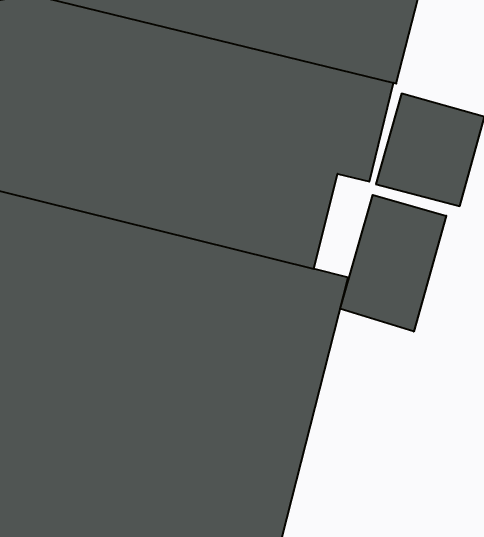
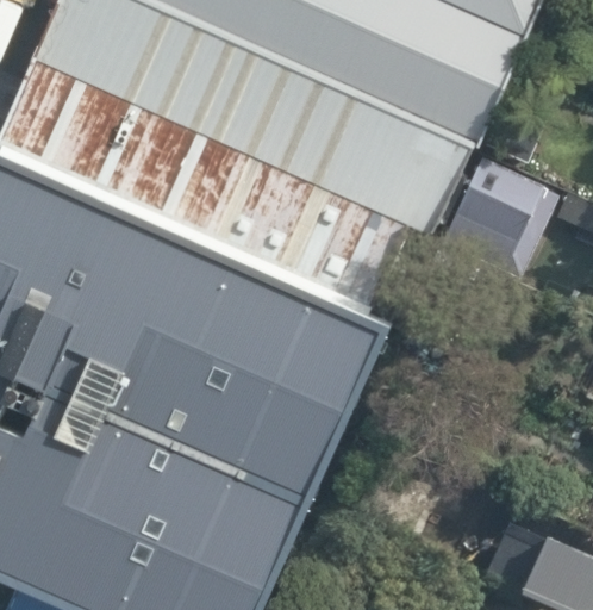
building: [340,195,446,332] -> none

